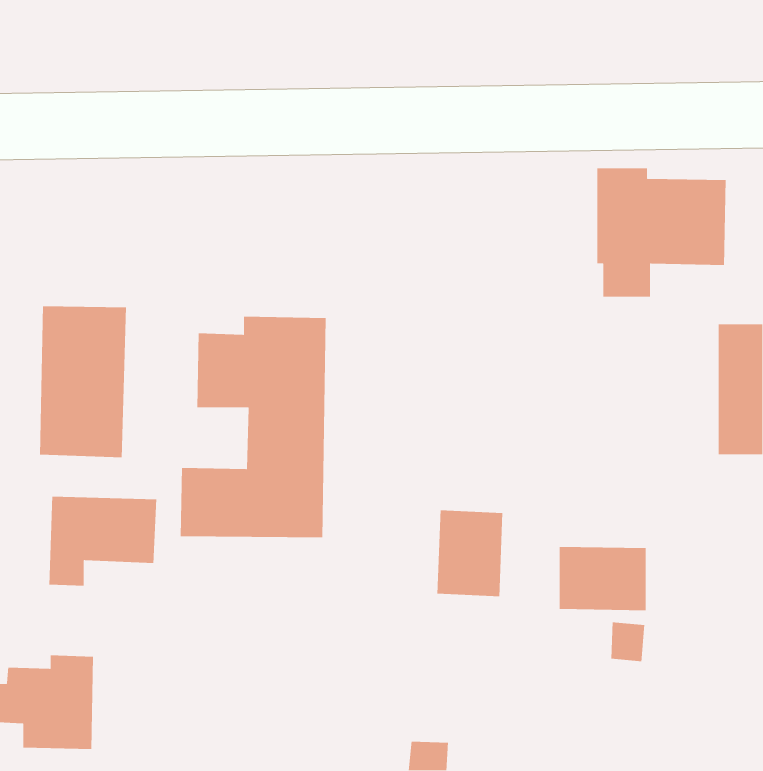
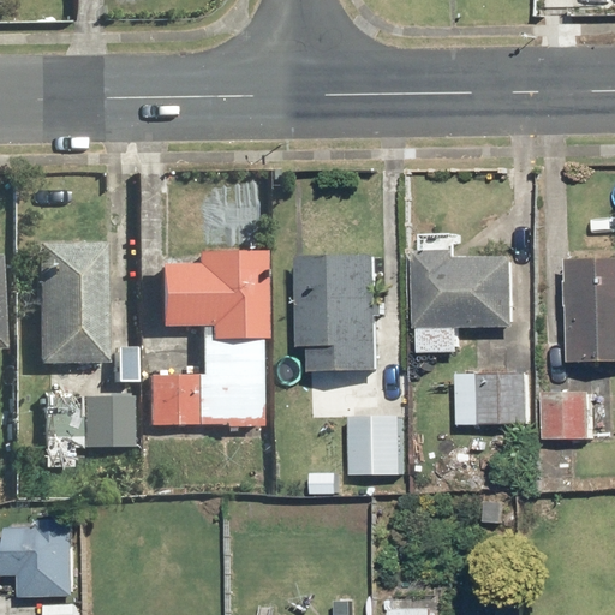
building: [596,168,726,298] -> [413,250,517,353]
building: none -> [297,253,378,370]
building: none -> [543,392,589,440]
building: [559,546,646,611] -> [456,371,526,423]

